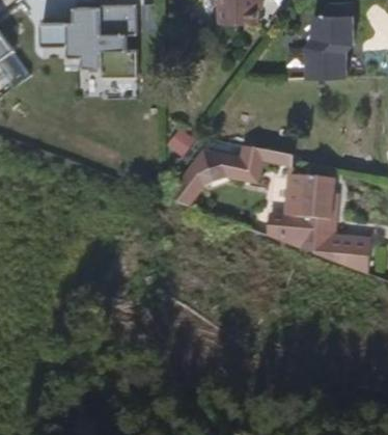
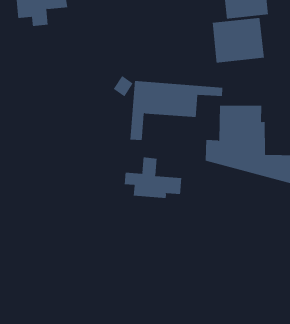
building: none -> [212,17,265,63]
building: none -> [124,156,182,199]

